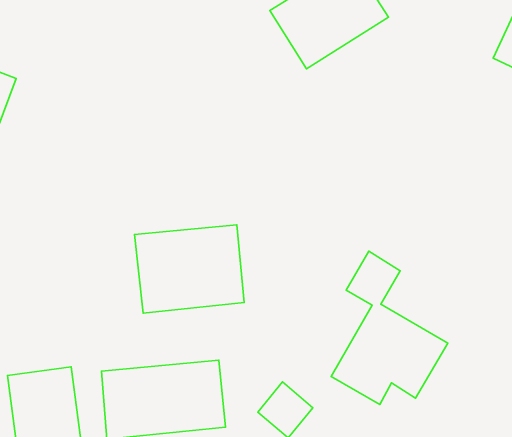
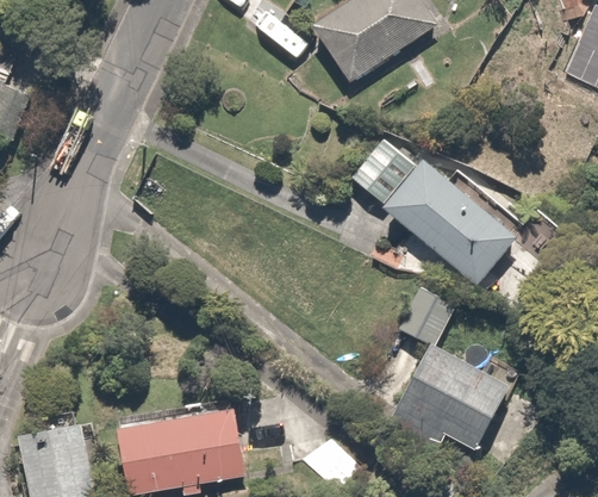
building: none -> [345,135,532,309]
building: [135,225,244,313] -> none

